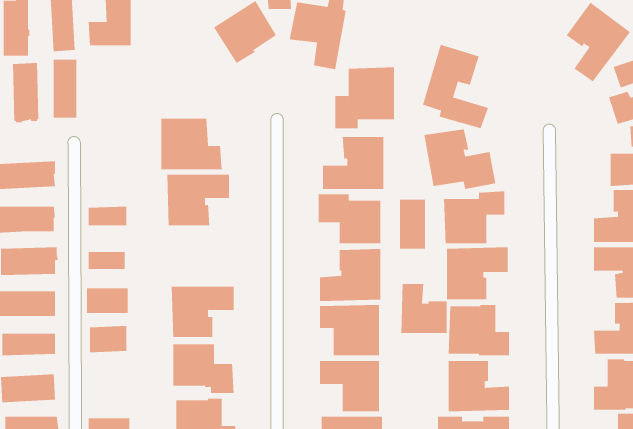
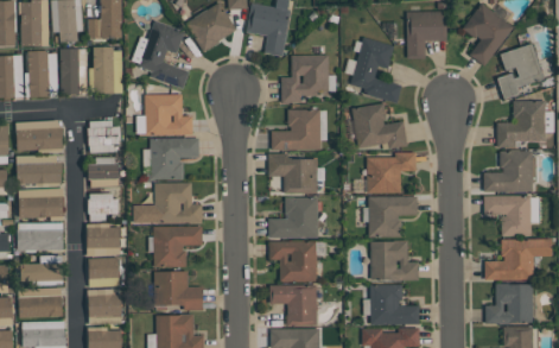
building: none -> [407,12,447,59]
building: none -> [138,21,190,90]
building: none -> [94,48,114,94]
building: none -> [88,127,119,145]
building: [400,199,425,250] -> none
building: none -> [134,183,202,223]
building: [401,283,447,334] -> none
building: none -> [88,296,122,317]

